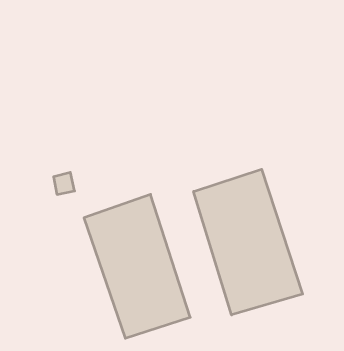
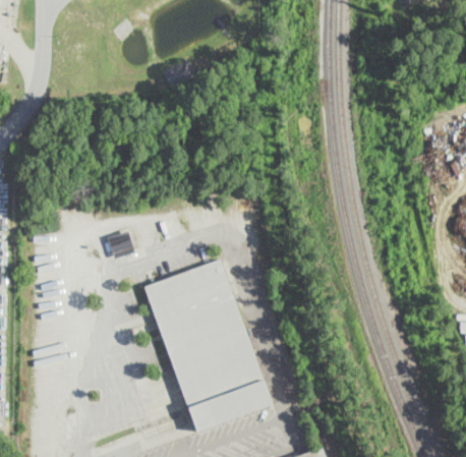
building: [194,169,303,315] -> none

